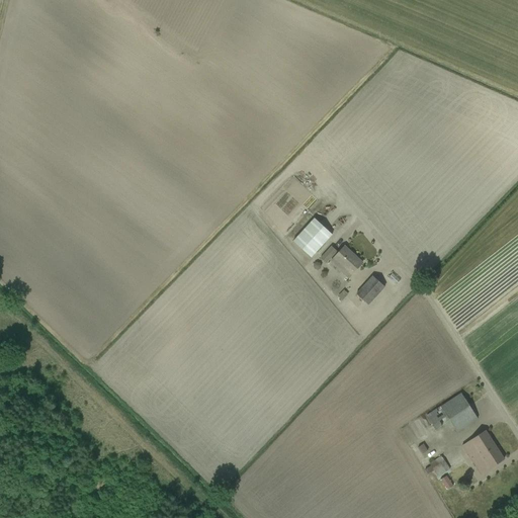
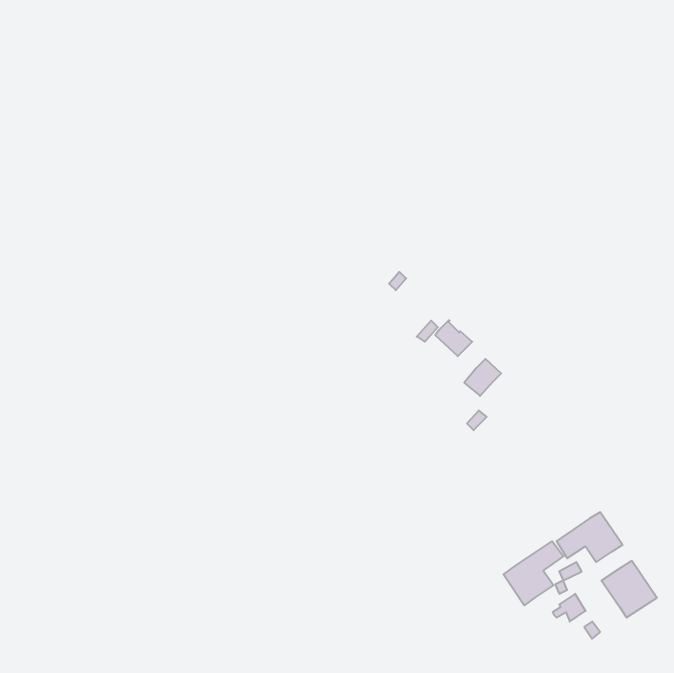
building: [292,218,332,257] -> none
building: none -> [503,541,564,605]

